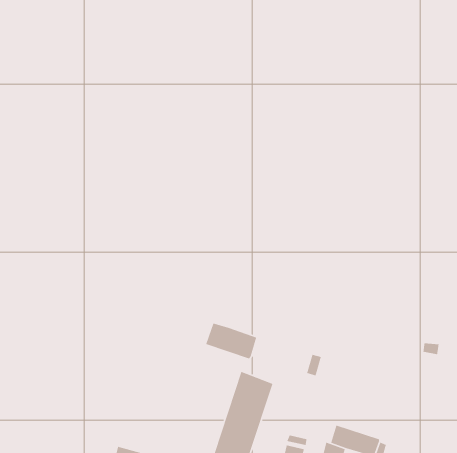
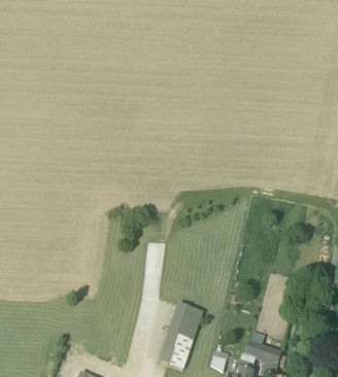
building: [205,322,257,359] -> none

